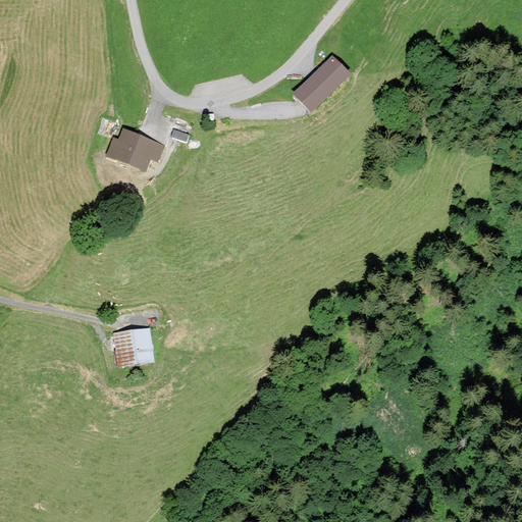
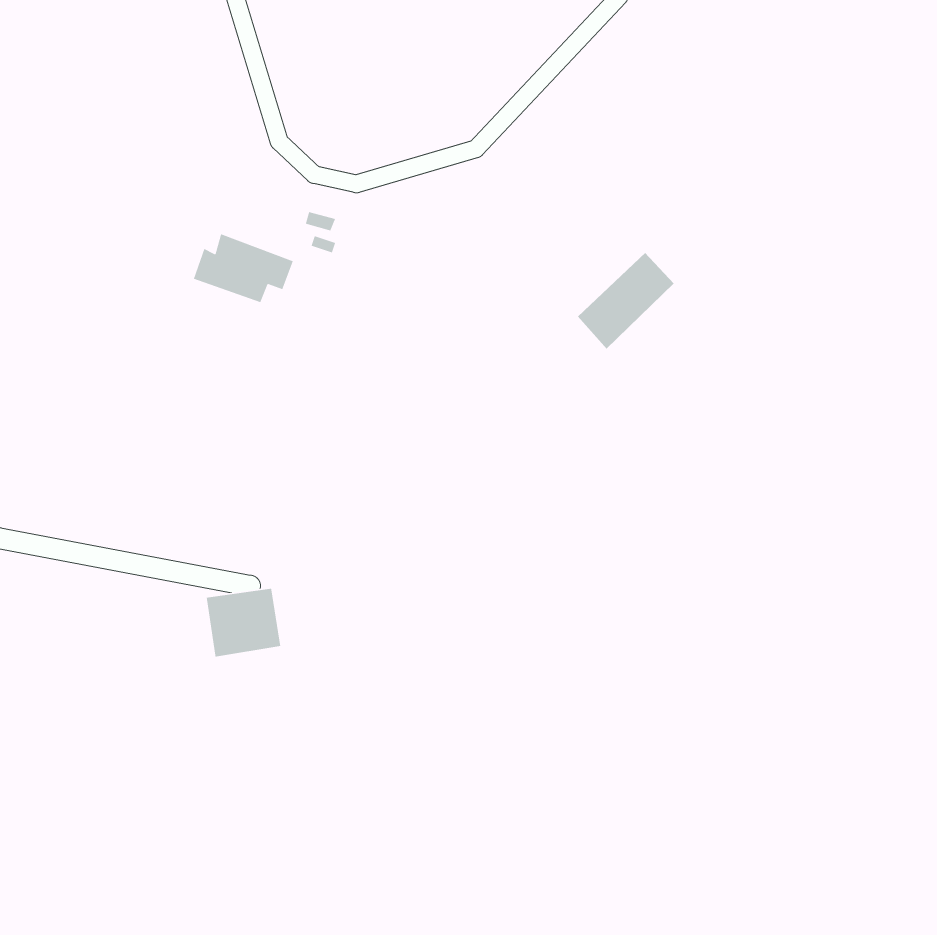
building: [294,58,348,112] -> [577,252,675,350]

